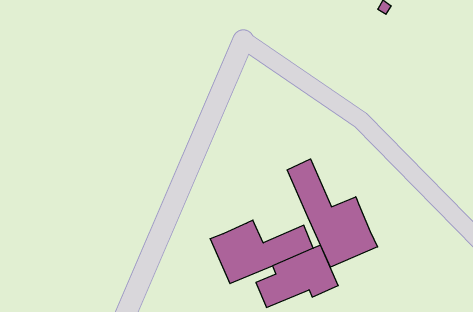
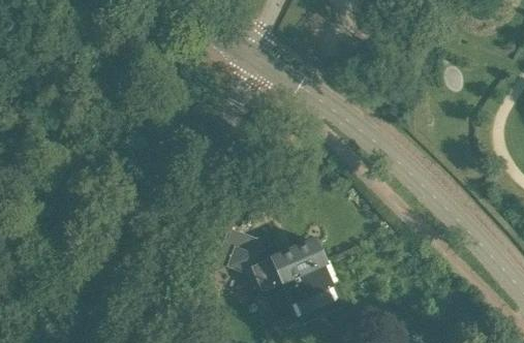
building: [287,159,378,267] -> none

